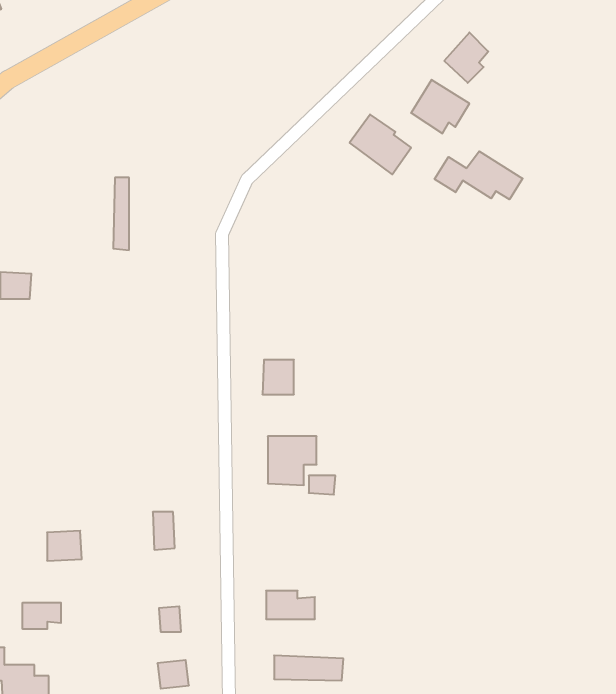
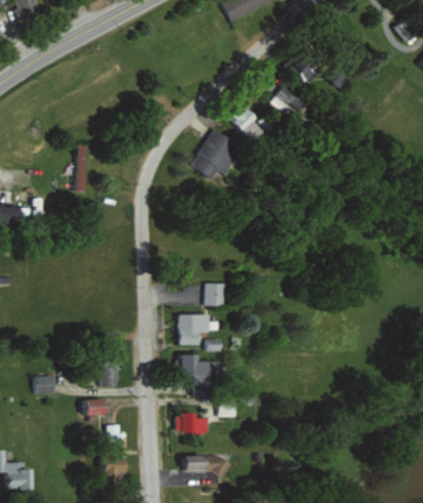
building: none -> [191,128,241,179]
building: [435,151,523,199] -> none
building: [262,360,294,394] -> [203,283,223,305]
building: none -> [181,354,219,396]
building: none -> [82,399,109,415]
building: [23,603,61,629] -> none

